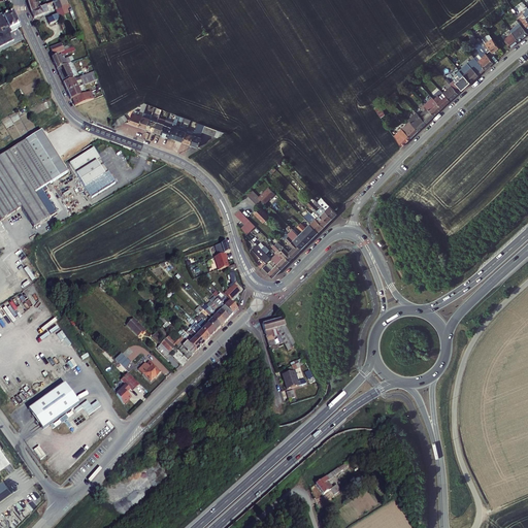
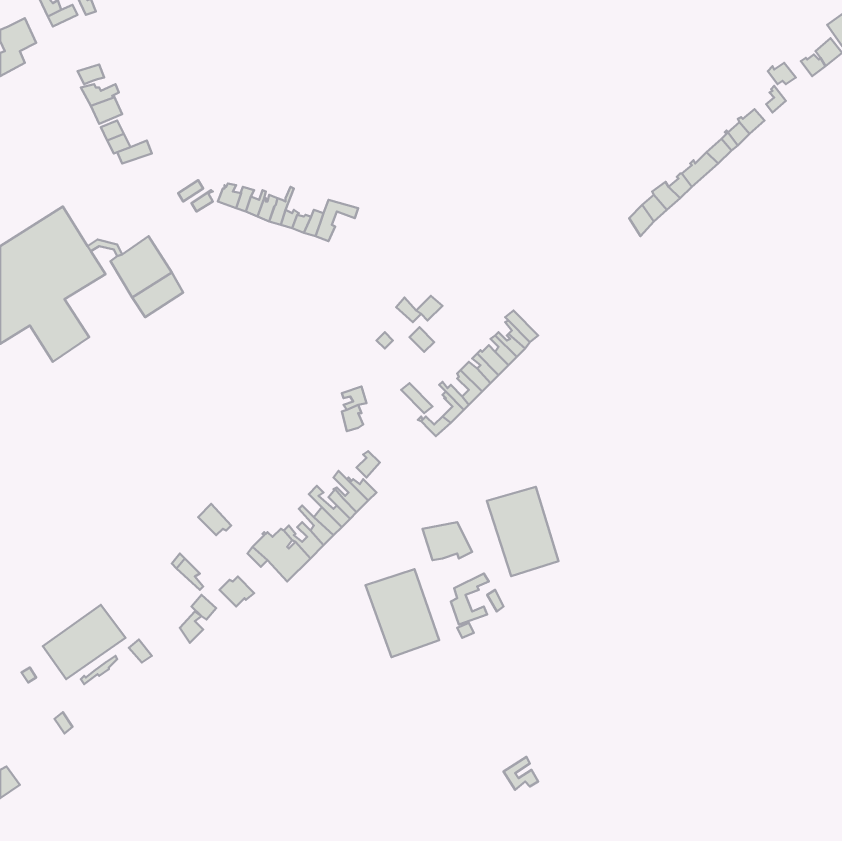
building: none -> [487,487,558,576]
building: none -> [365,569,439,657]

